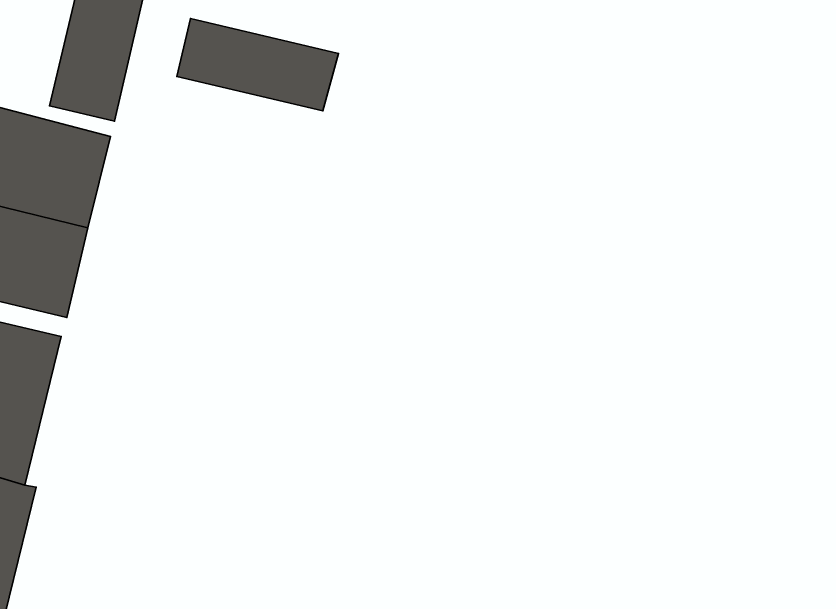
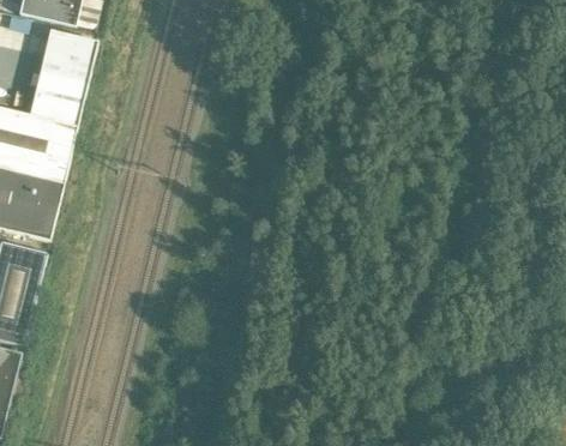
building: [177,18,339,111] -> none

